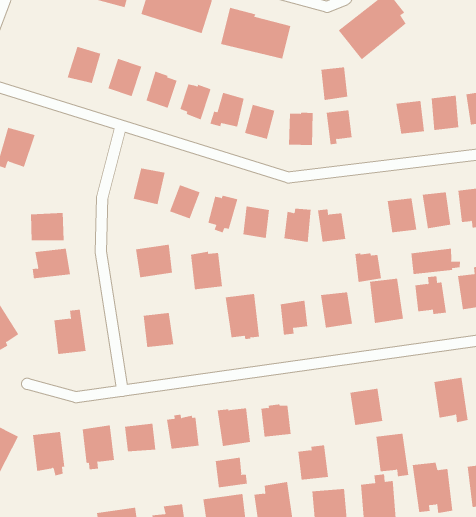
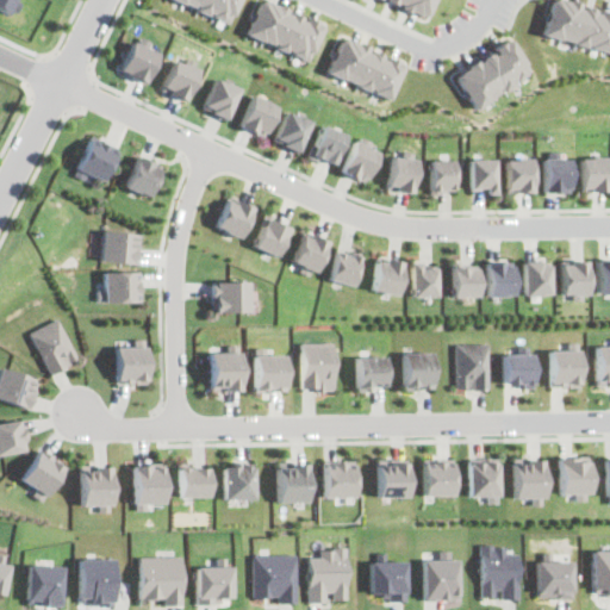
building: none -> [122,42,162,83]
building: [320,67,348,101] -> [472,160,498,193]
building: none -> [126,156,166,199]
building: [411,248,460,275] -> none
building: [190,251,223,290] -> [256,353,287,392]
building: [354,253,382,283] -> [454,267,480,298]
building: [376,433,409,477] -> [469,459,500,504]
building: [298,445,329,480] -> [379,463,409,498]
building: [215,457,248,488] -> none

